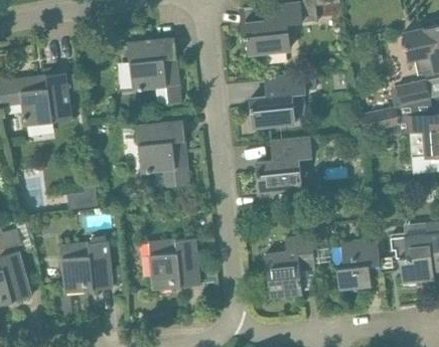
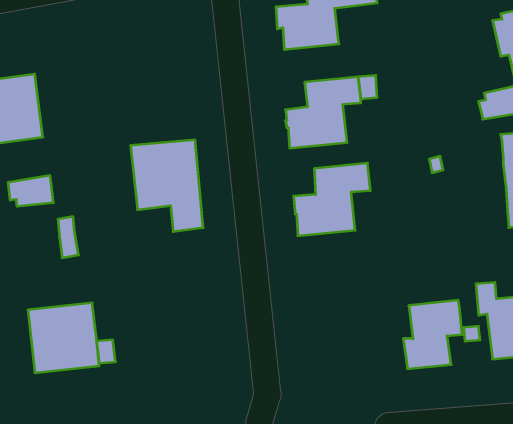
building: [128,37,181,105] -> none
building: [361,108,399,131] -> none
building: none -> [8,175,53,206]
building: [265,235,315,296] -> none
building: [148,237,200,289] -> none

